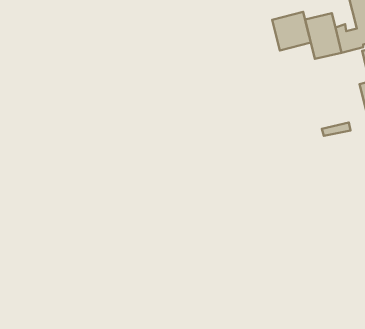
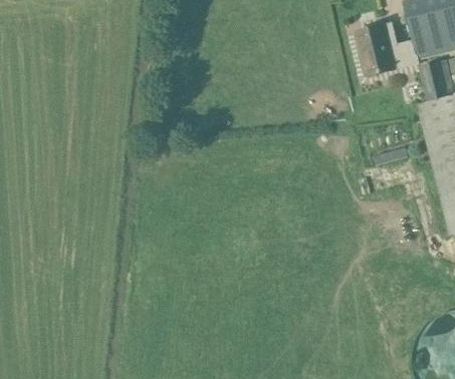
building: [272,12,311,50] -> none

